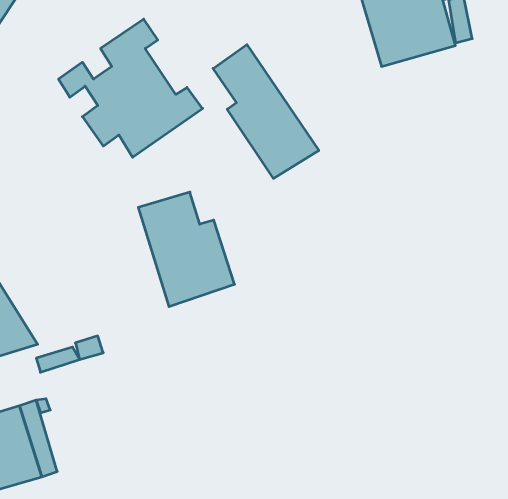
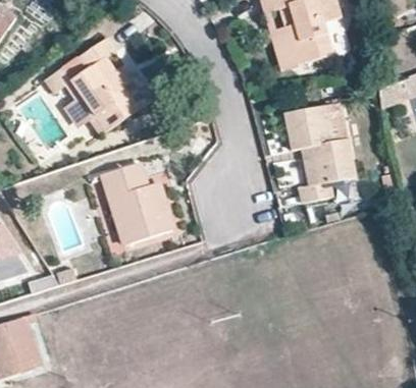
building: [213,45,319,178] -> none
building: none -> [285,102,354,203]

